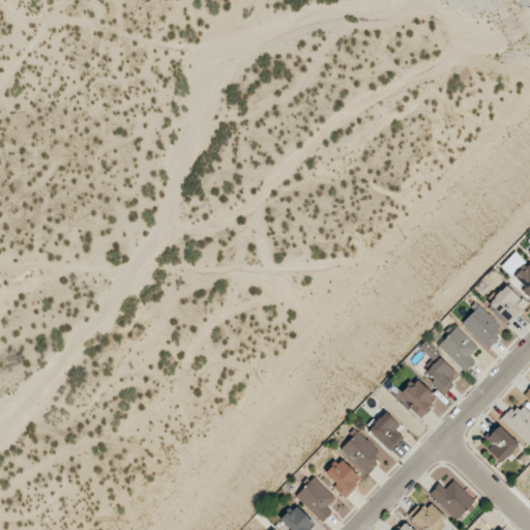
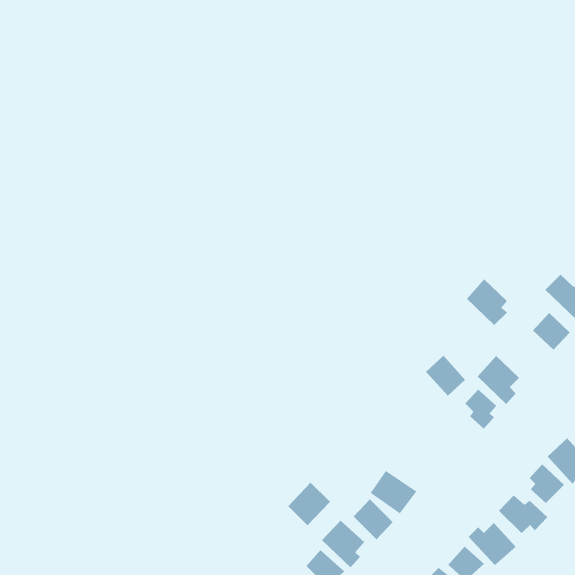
building: [463,305,501,349] -> [466,279,508,326]
building: [401,379,438,417] -> [425,355,466,397]
building: [369,413,404,452] -> none
building: none -> [287,482,331,526]
building: none -> [498,494,548,534]

